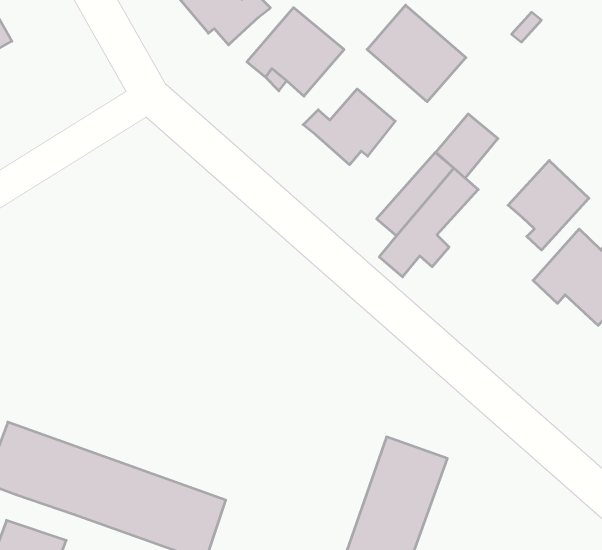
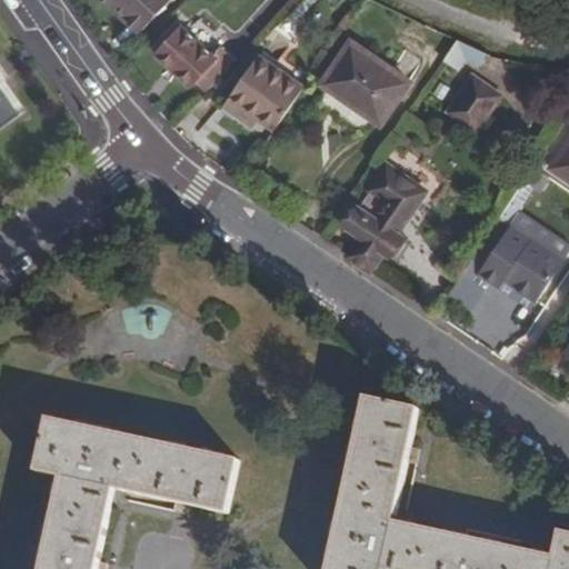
building: [303,89,395,165] -> none
building: [436,114,498,178] -> [443,74,493,128]
building: [508,160,589,250] -> none
building: none -> [63,481,119,515]

